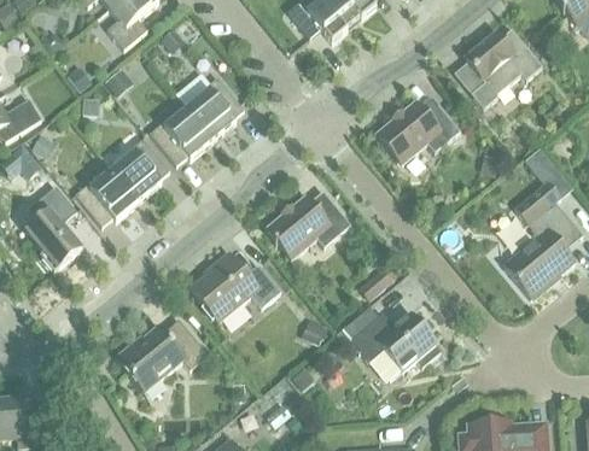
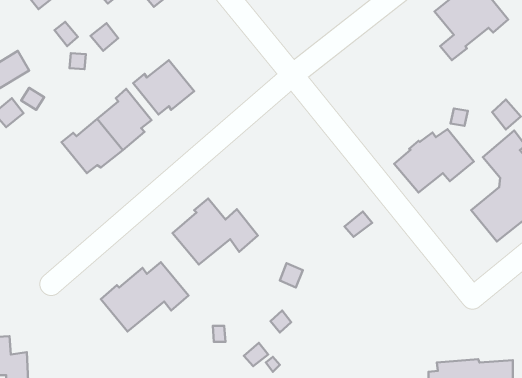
building: [186,76,243,140] -> none
building: [375,96,459,163] -> [394,129,474,193]
building: [25,184,80,270] -> none
building: [266,189,350,258] -> none
building: [342,308,441,377] -> none

